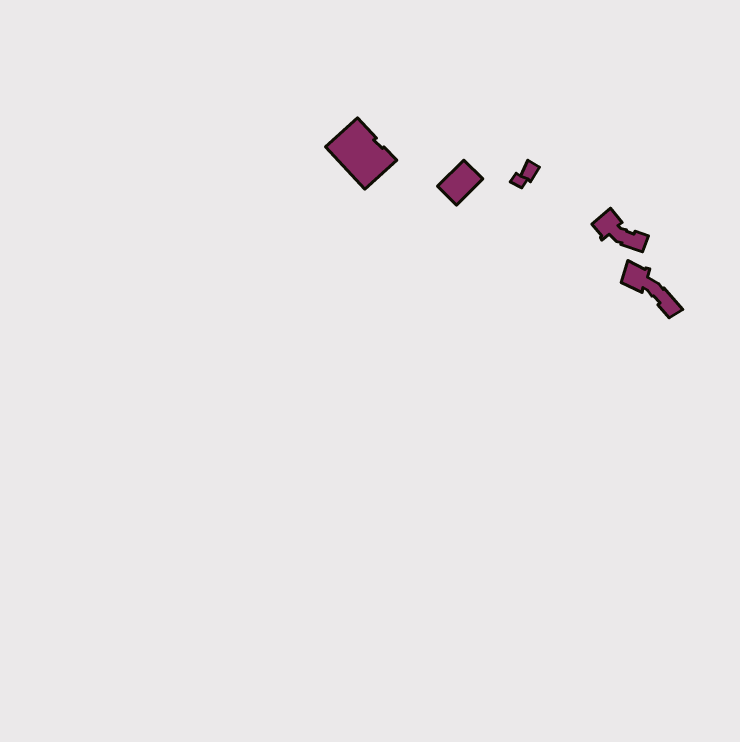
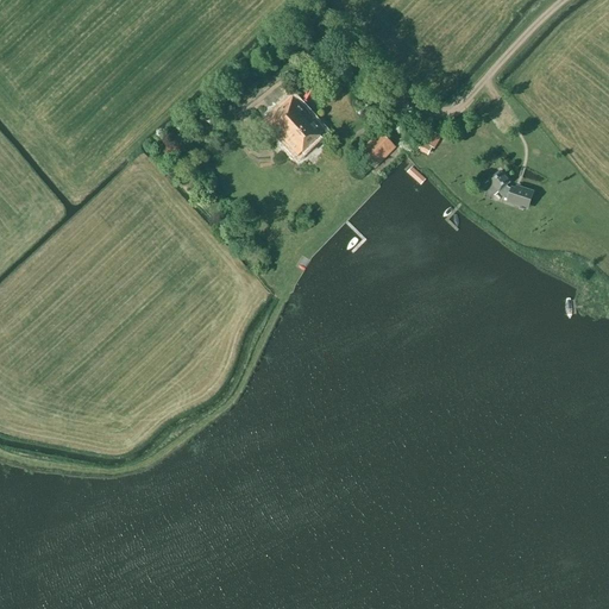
building: [621,261,683,318] -> none

